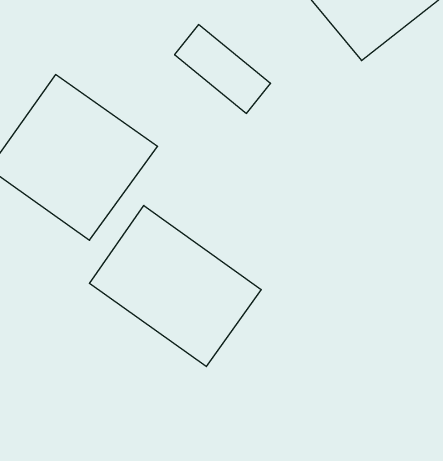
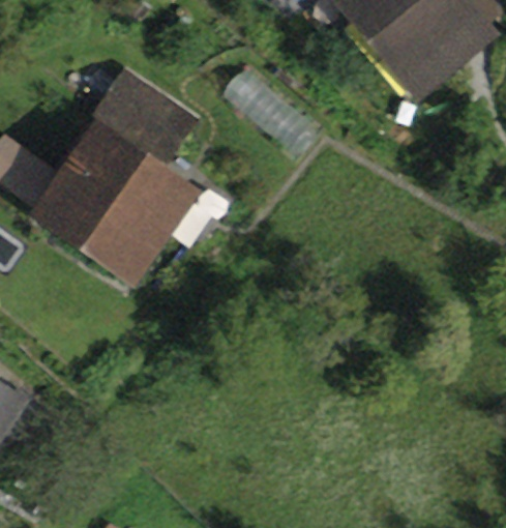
building: none -> [93,63,201,162]
building: [89,205,261,367] -> none

